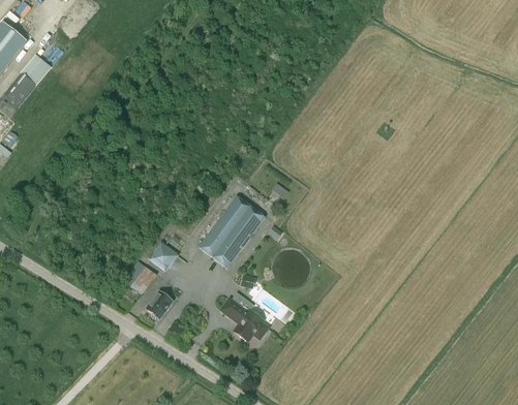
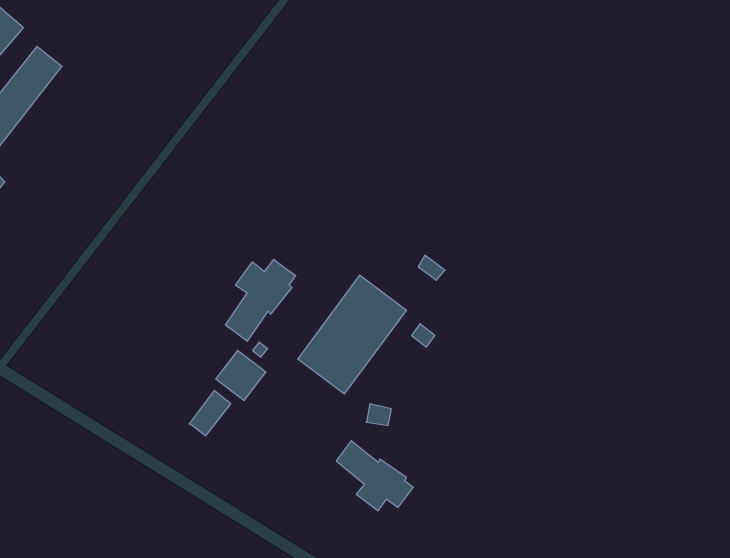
building: none -> [226,259,296,341]
building: [145,289,173,319] -> none

